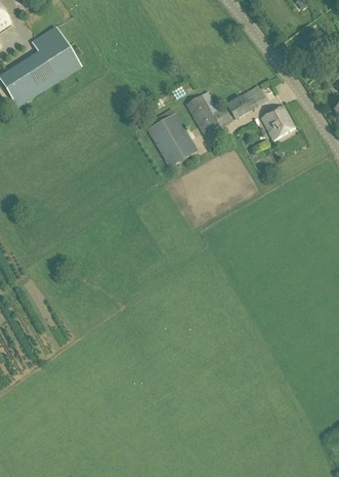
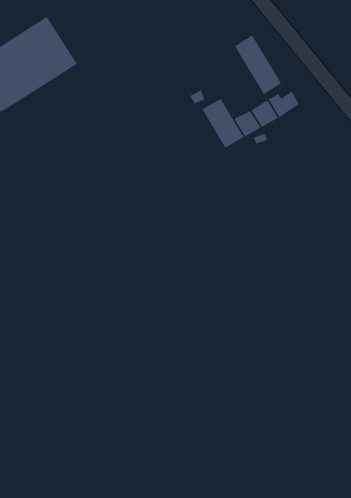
building: none -> [234,34,282,95]
building: [260,105,294,140] -> none
building: [146,112,198,167] -> none

